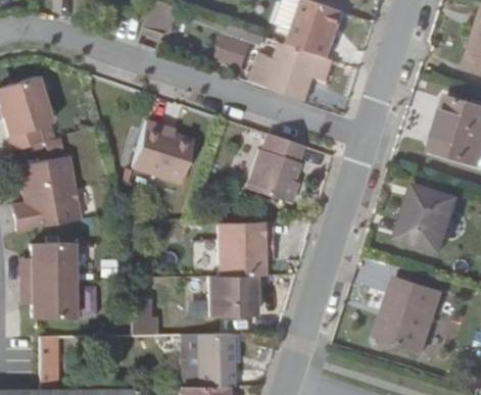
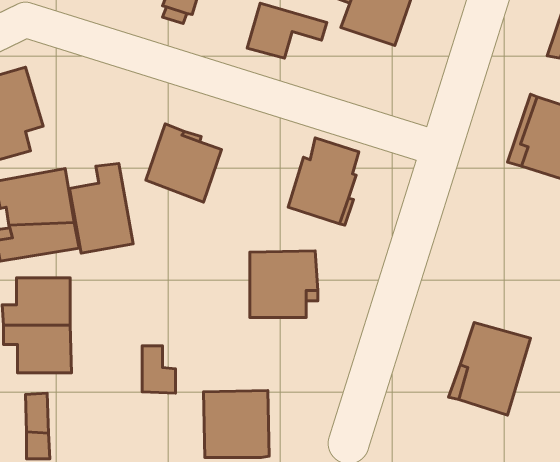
building: [253,43,338,103] -> none
building: none -> [69,164,133,253]
building: [400,188,458,252] -> none
building: [206,274,253,313] -> none

